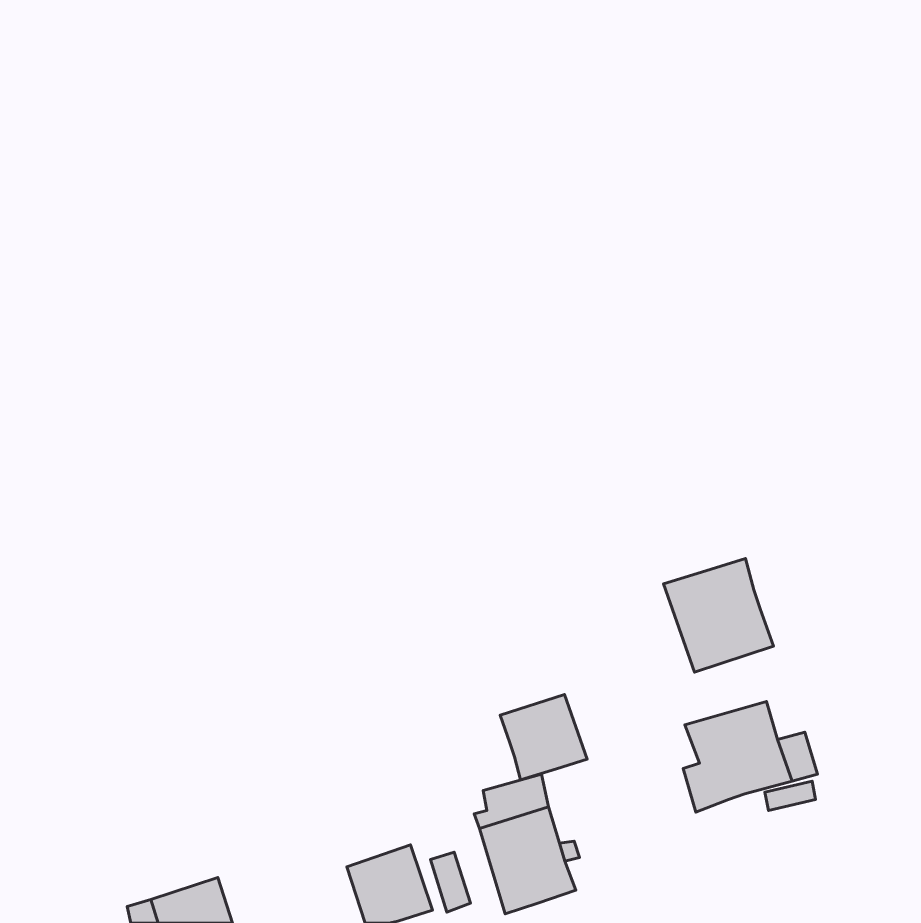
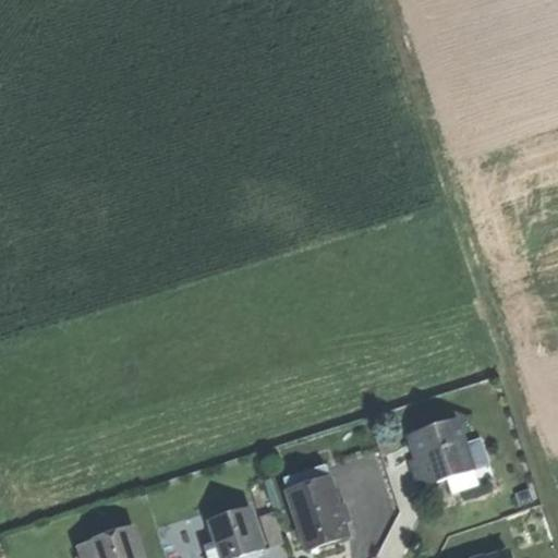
building: [664,558,773,672] -> none
building: [500,694,587,780] -> none

